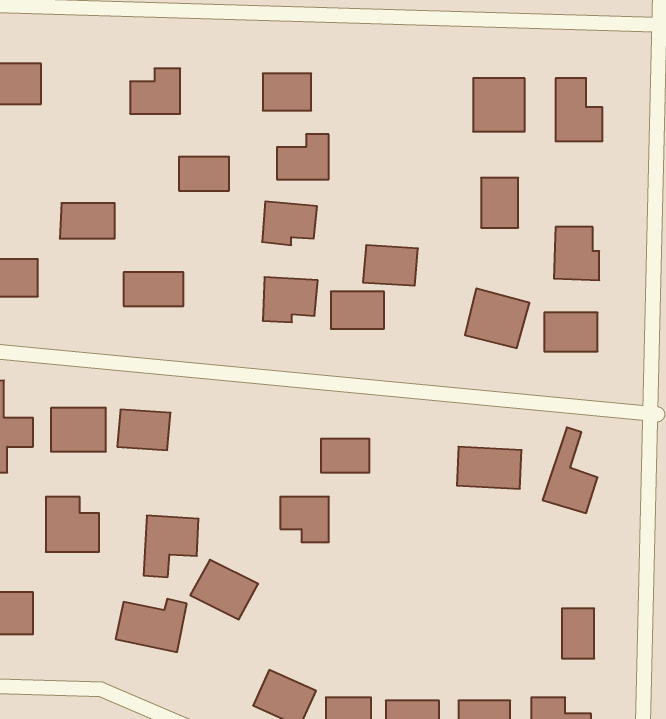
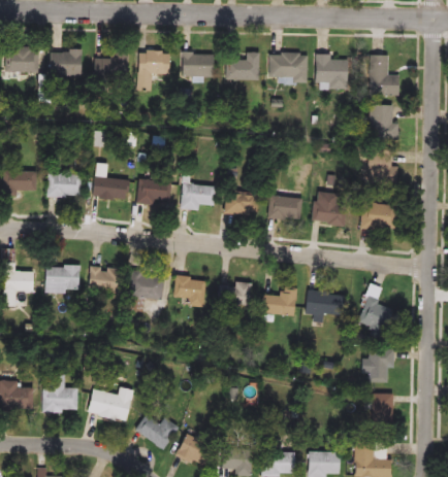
building: none -> [50,50,83,76]
building: none -> [271,55,308,84]
building: [277,134,329,179] -> [226,52,259,80]
building: [179,157,229,191] -> [137,52,169,73]
building: [481,178,518,228] -> [369,105,392,137]
building: [262,201,317,245] -> [136,178,171,206]
building: [60,203,115,239] -> [46,174,82,197]
building: [363,245,418,286] -> [266,196,301,222]
building: none -> [260,288,294,315]
building: [280,497,329,542] -> [173,278,204,307]
building: [46,497,99,552] -> [43,377,77,412]
building: [144,516,199,577] -> [128,273,163,312]
building: none -> [369,349,392,383]
building: [190,560,258,620] -> [134,410,178,448]

